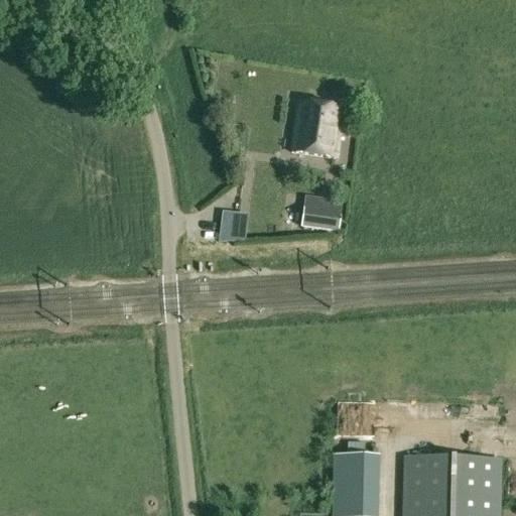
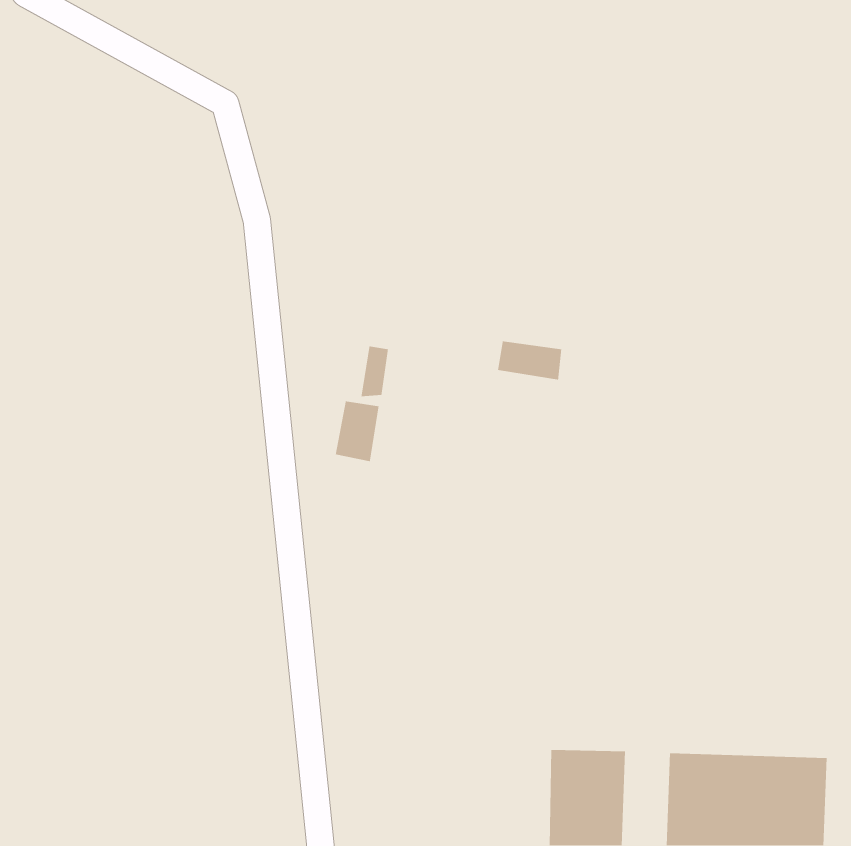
building: [292,100,343,155] -> none
building: none -> [335,401,379,462]

